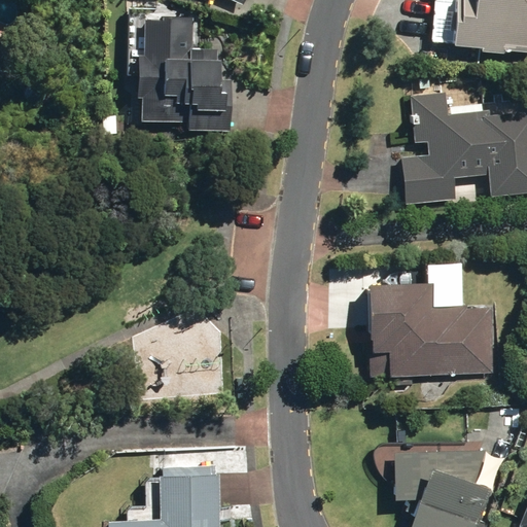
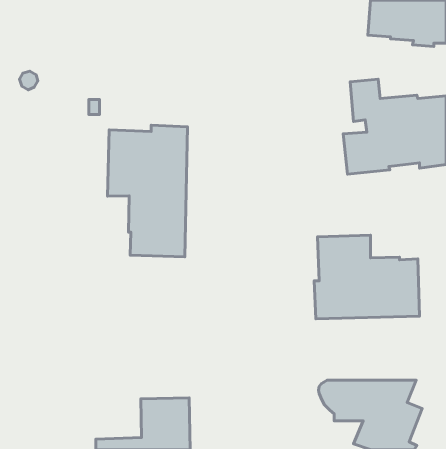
building: [140,13,233,132] -> none
building: none -> [107,125,187,257]

